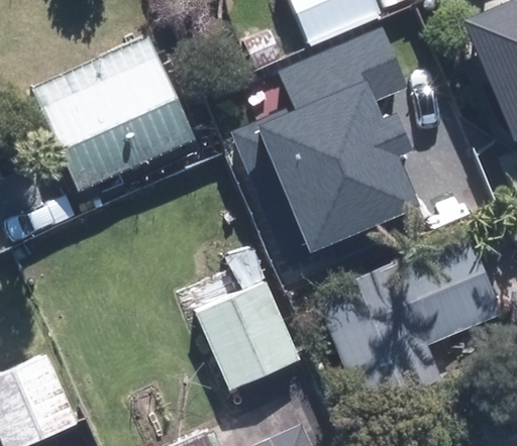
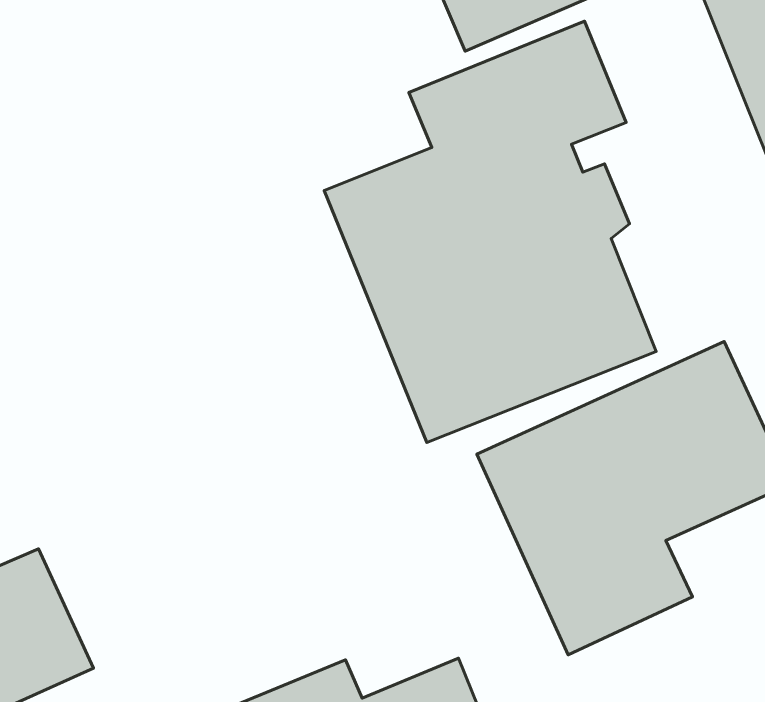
building: [34,31,202,190] -> none
building: [195,273,308,392] -> none

